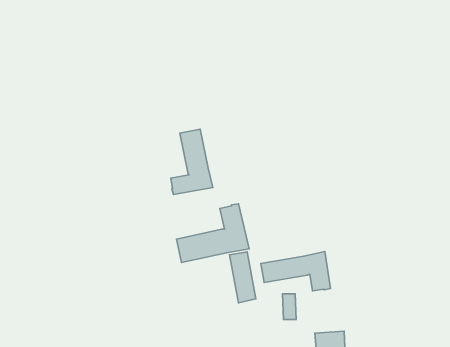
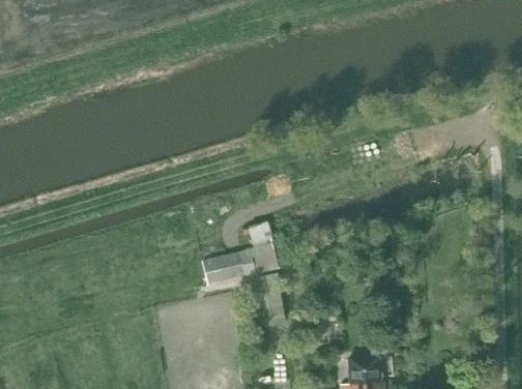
building: [171,129,213,195] -> none
building: [261,252,330,291] -> none

